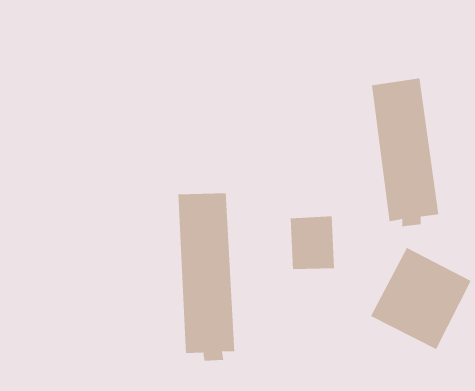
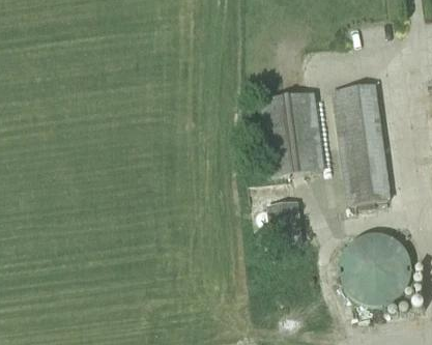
building: none -> [259,91,324,176]
building: [178,192,235,362] -> none

